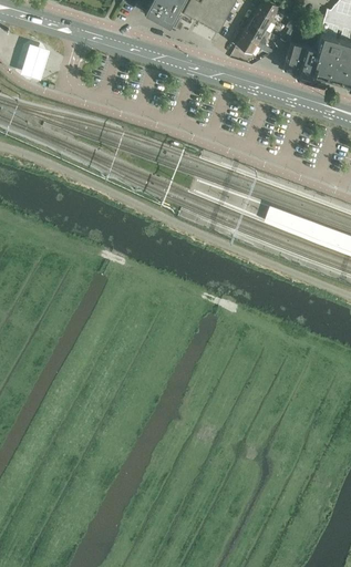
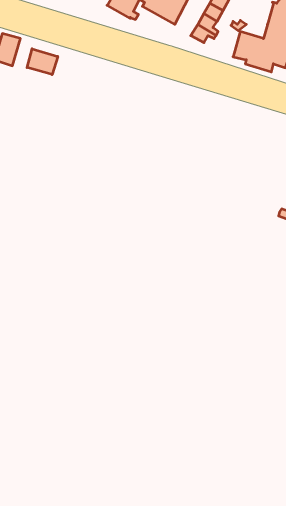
building: none -> [27,49,58,75]

